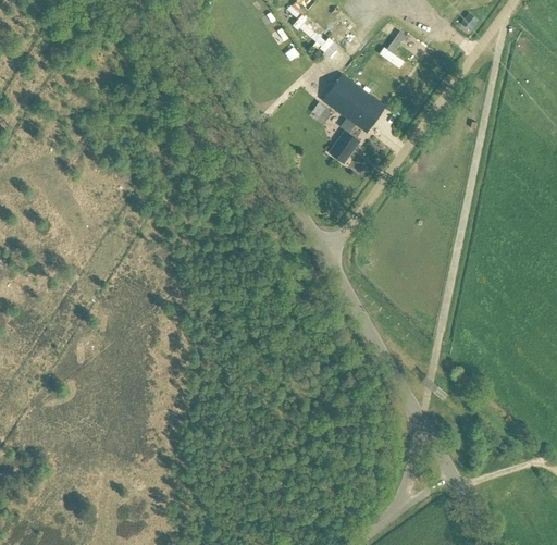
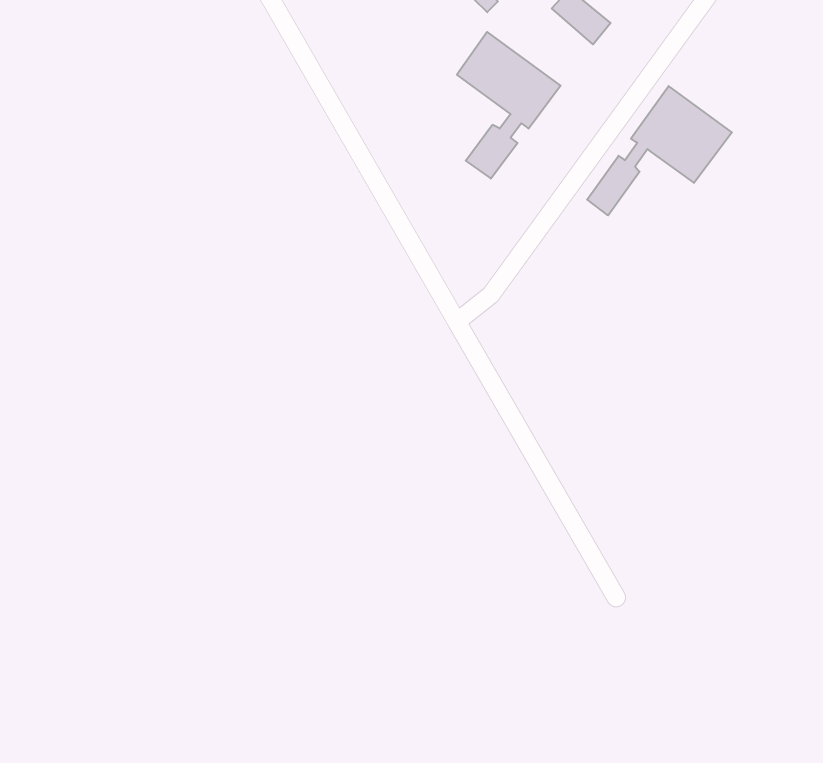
building: none -> [587,86,732,215]

